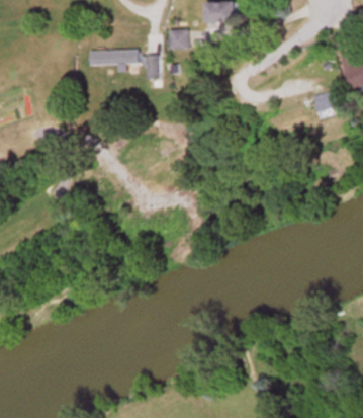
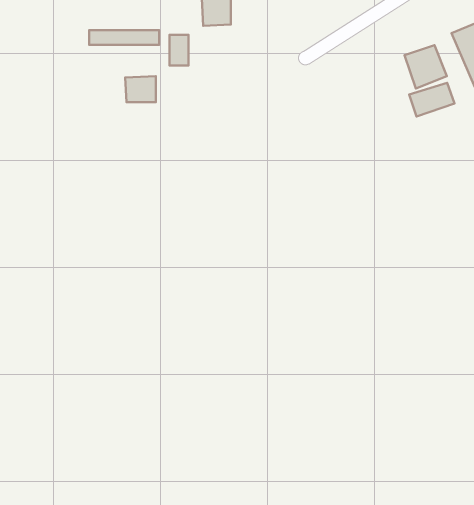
building: none -> [405,45,447,89]
building: none -> [125,76,156,102]

